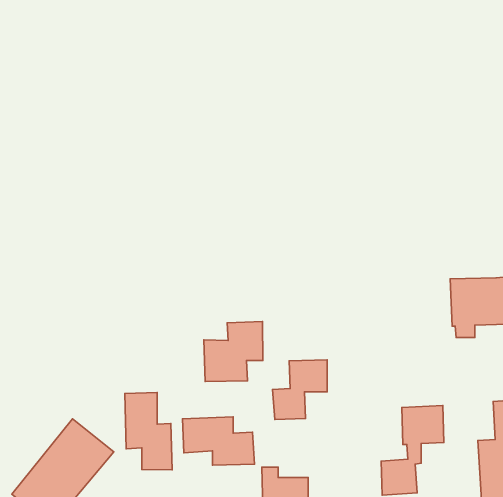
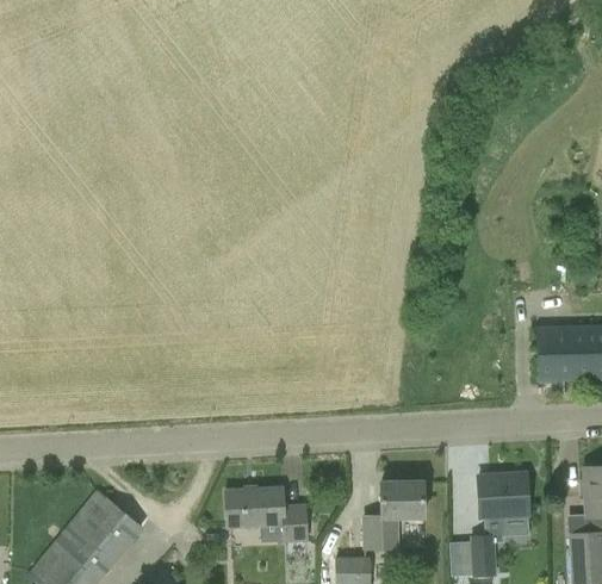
building: [204,321,263,381] -> none
building: [273,360,327,420] -> [361,480,424,549]
building: [125,392,172,470] -> none

